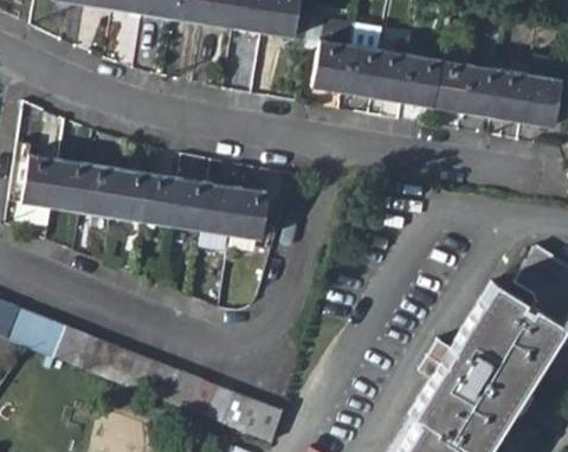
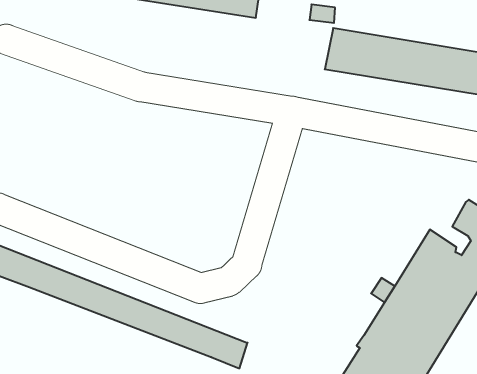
building: [316,39,383,97] -> none
building: [13,143,271,240] -> none

